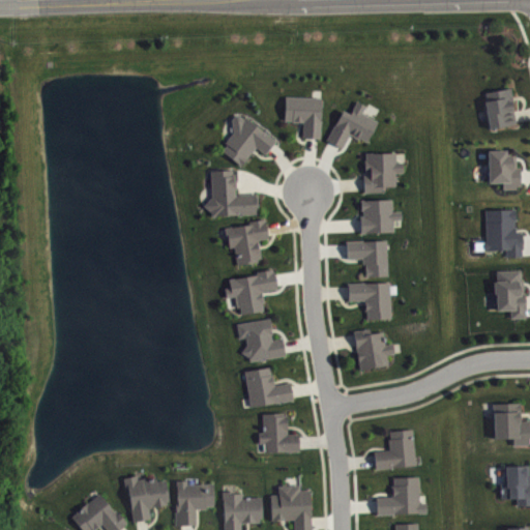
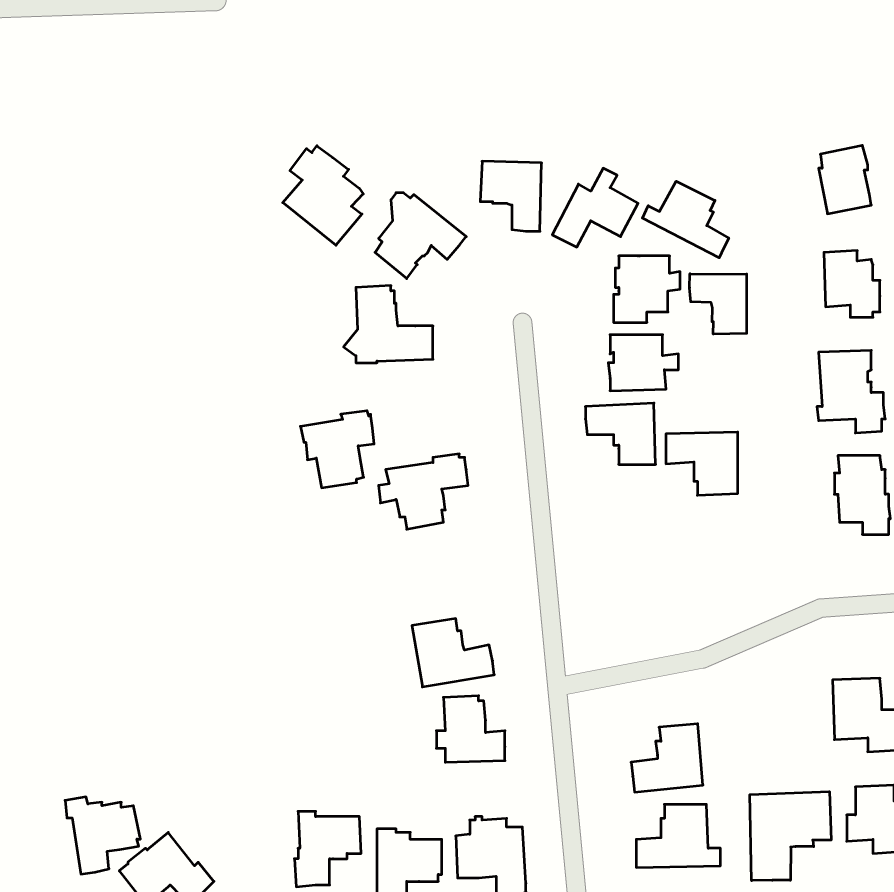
building: none -> [283,146,363,245]
building: none -> [642,181,729,258]
building: none -> [690,274,747,334]
building: [225,219,268,265] -> [300,411,374,488]
building: [348,283,390,320] -> [666,432,738,495]
building: [237,319,286,361] -> none
building: [353,328,394,370] -> none
building: none -> [750,792,831,881]
building: [124,476,169,522] -> [65,797,140,874]

